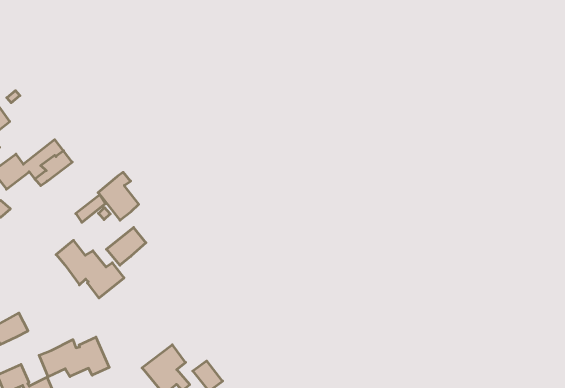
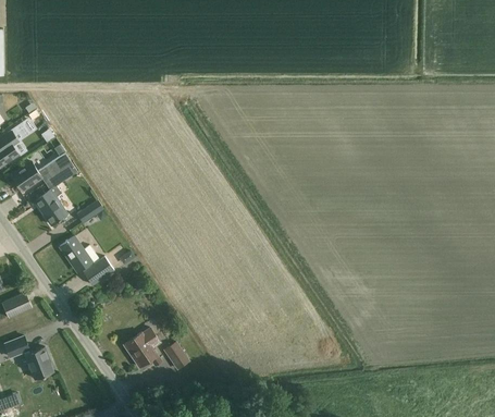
building: [98,172,139,220] -> [34,186,66,225]
building: [106,227,146,265] -> none
building: [39,337,109,377] -> none

